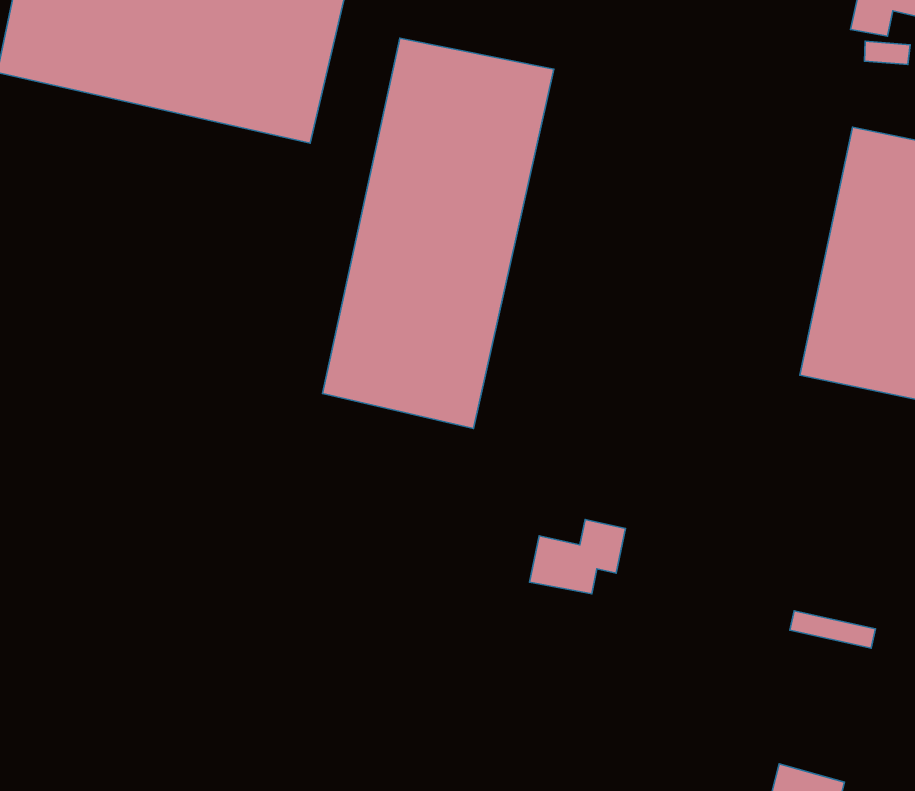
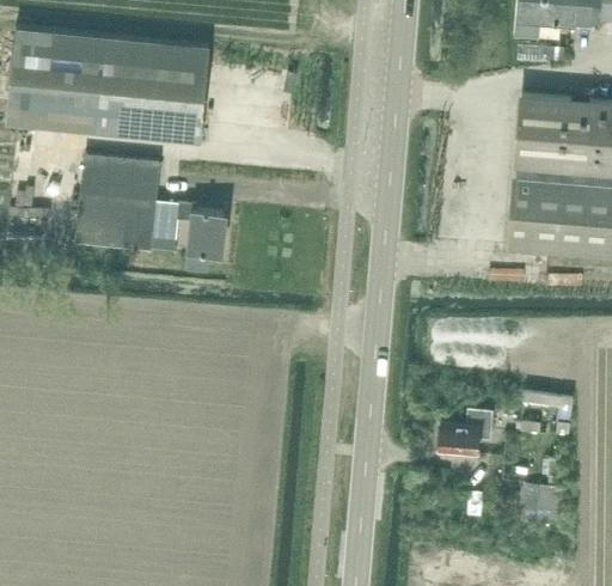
building: [323,38,554,428] -> none
building: none -> [76,157,225,271]
building: [530,520,626,594] -> [440,410,494,454]

